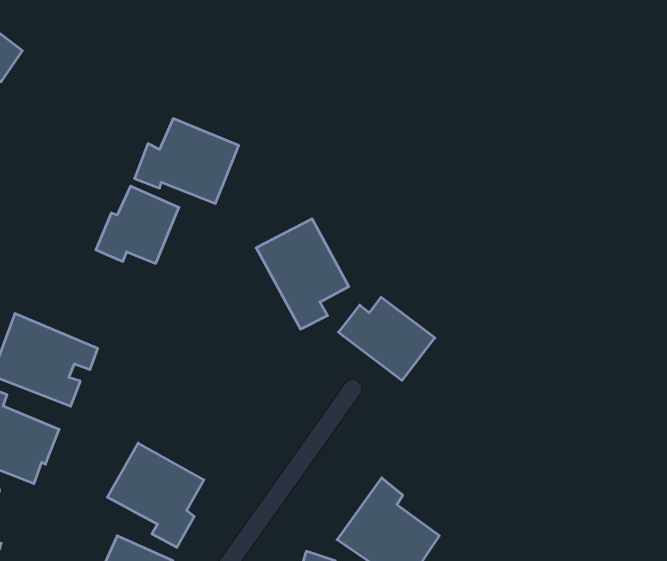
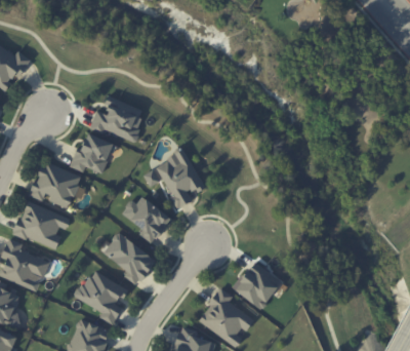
building: none -> [30,160,86,208]
building: [338,297,435,380] -> [120,196,171,240]
building: none -> [104,233,156,285]
building: none -> [233,261,282,310]

